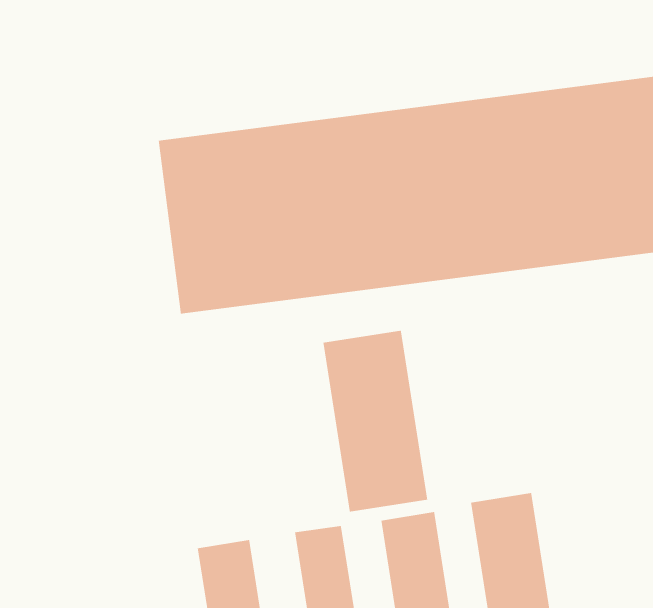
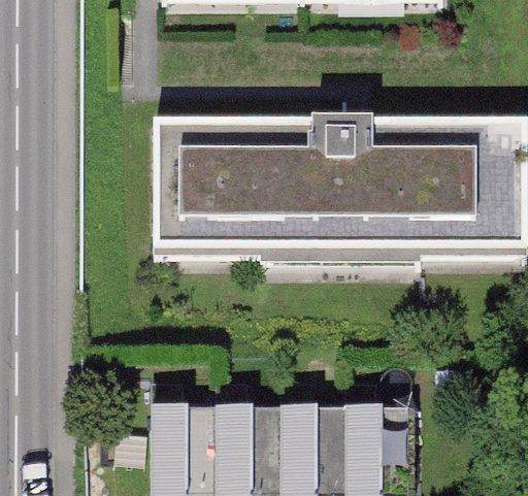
building: [322,330,428,512] -> none

